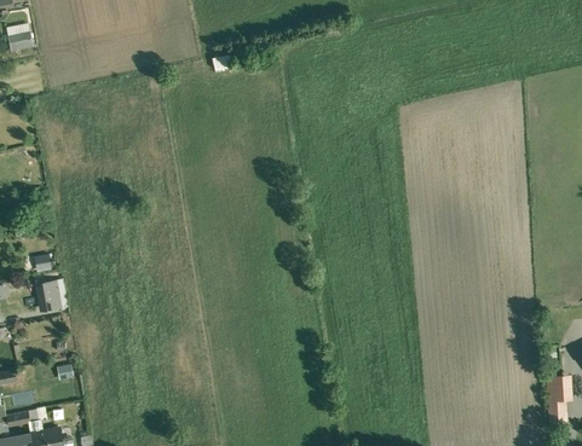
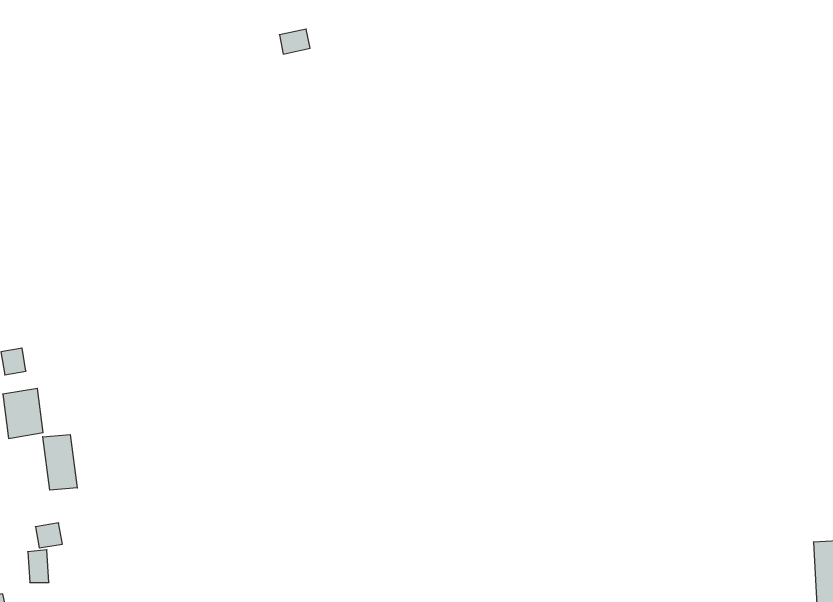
building: none -> [43,435,77,490]

